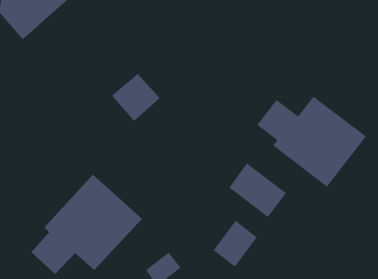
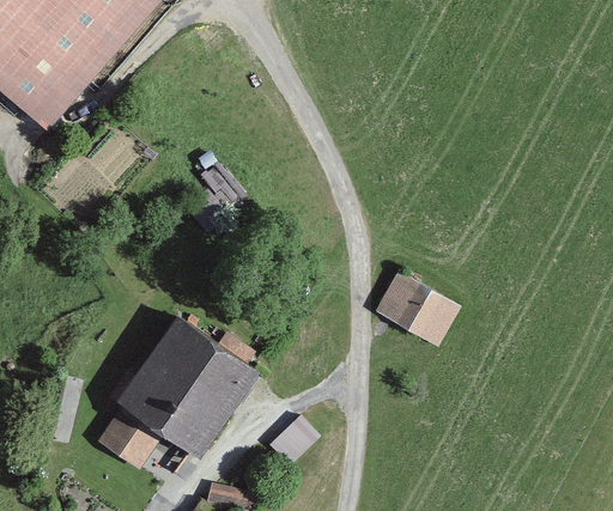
building: [257,96,367,187] -> none
building: [213,220,258,267] -> none

